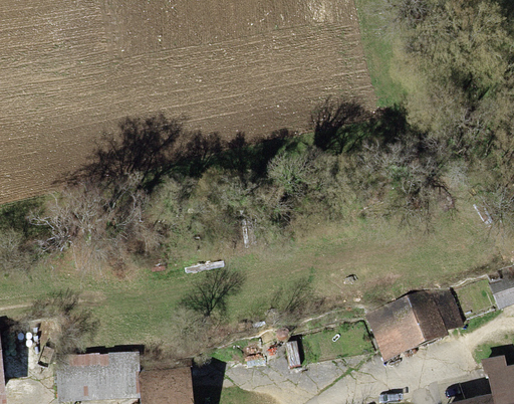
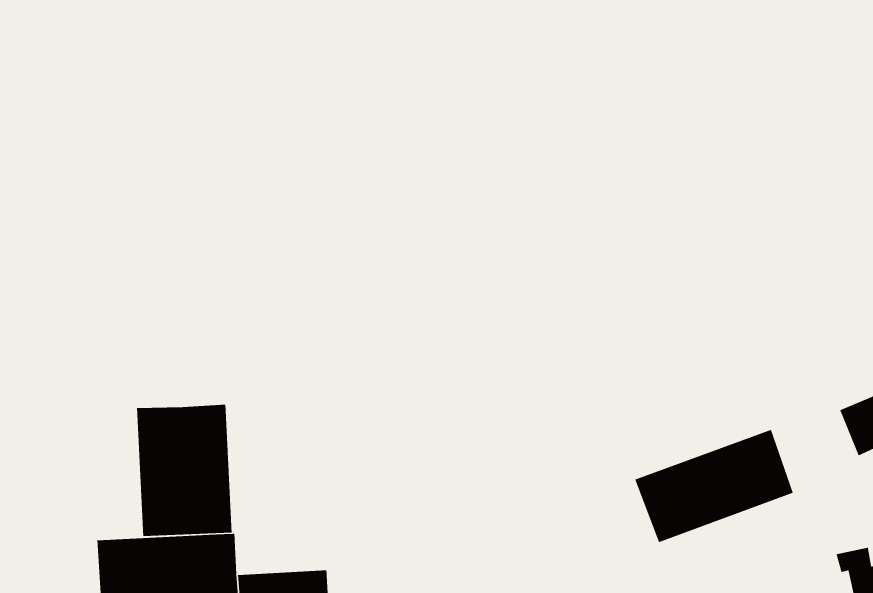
building: none -> [136,404,233,537]

